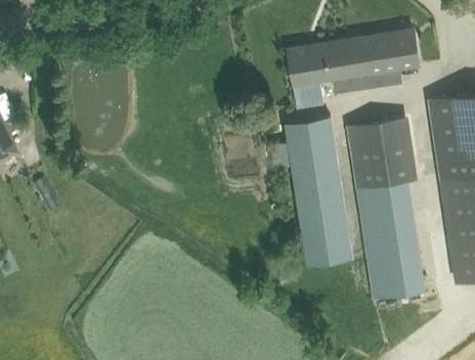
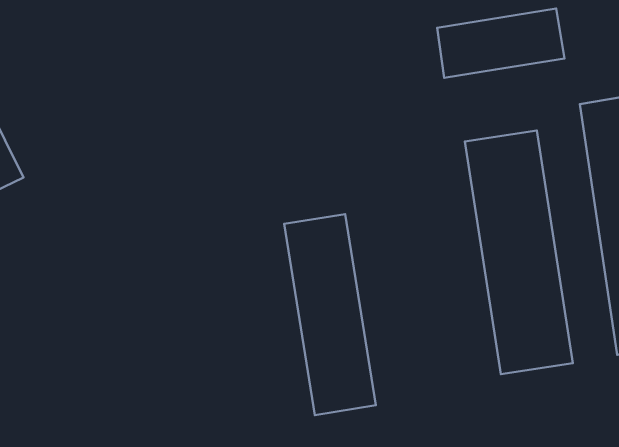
building: [287,44,331,110] -> none
building: [285,119,352,267] -> [284,214,376,415]

